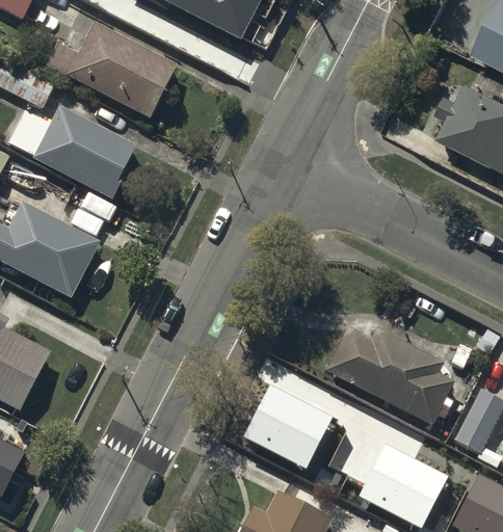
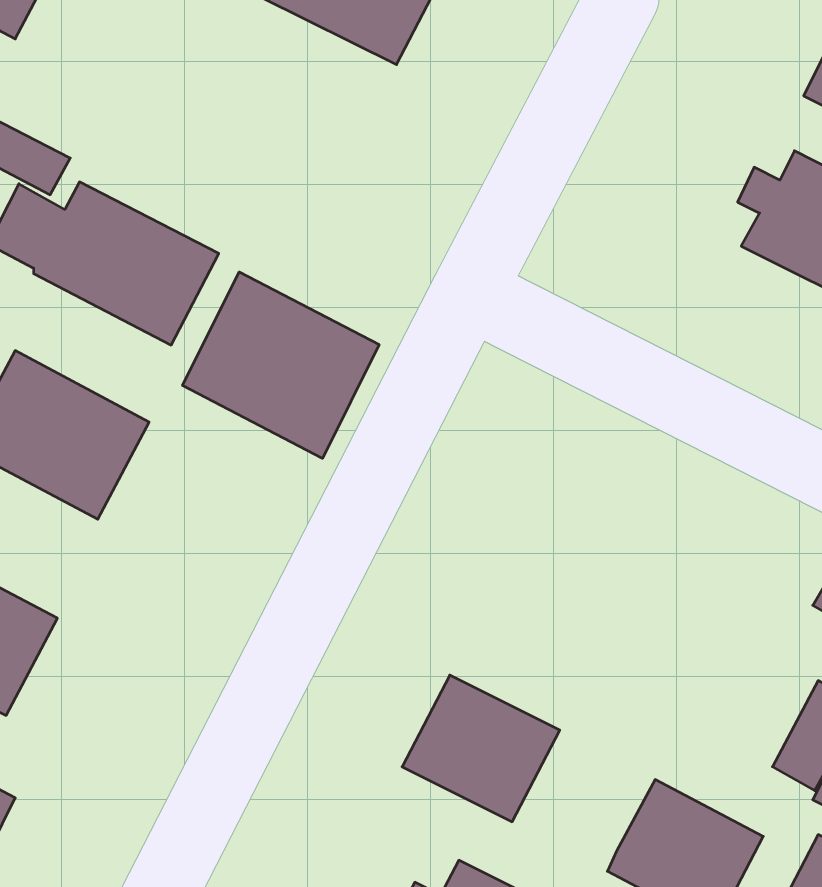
building: [46,21,177,116] -> none
building: none -> [183,272,379,458]
building: [321,322,451,421] -> none

